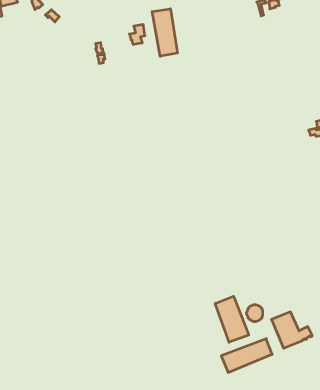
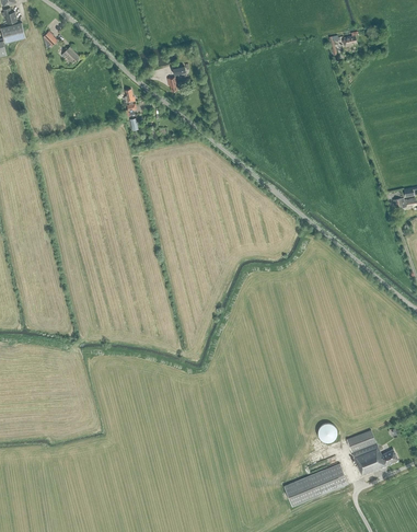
building: [152,9,177,56] -> none
building: [215,296,249,342] -> none

